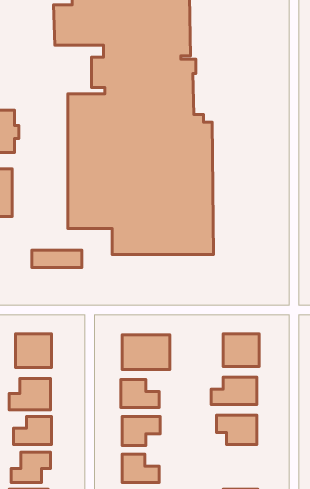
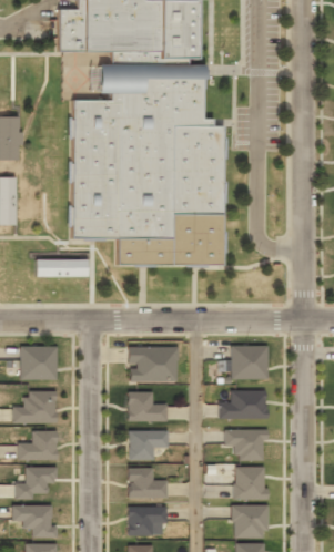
building: none -> [234,467,266,499]

